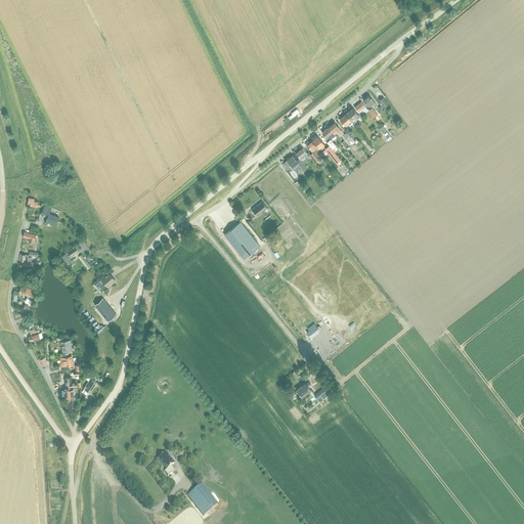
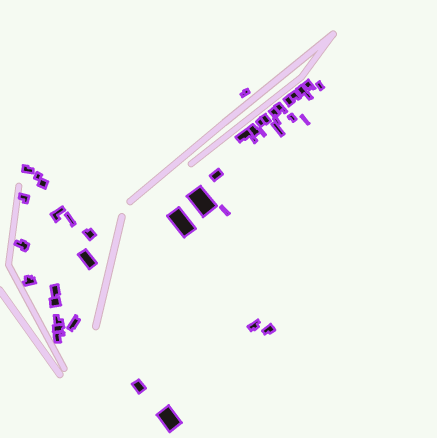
building: none -> [167,207,196,237]

